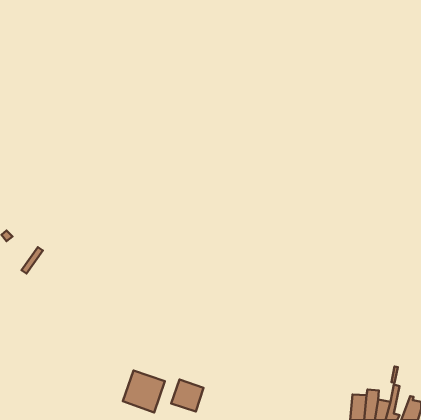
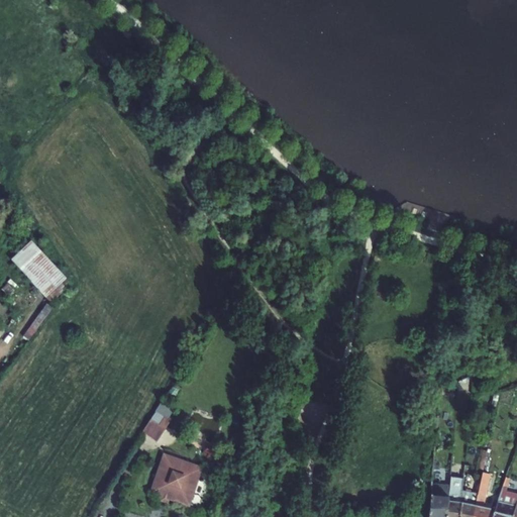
building: none -> [11,240,67,303]
building: none -> [144,401,177,439]
building: [171,379,204,411] -> none

